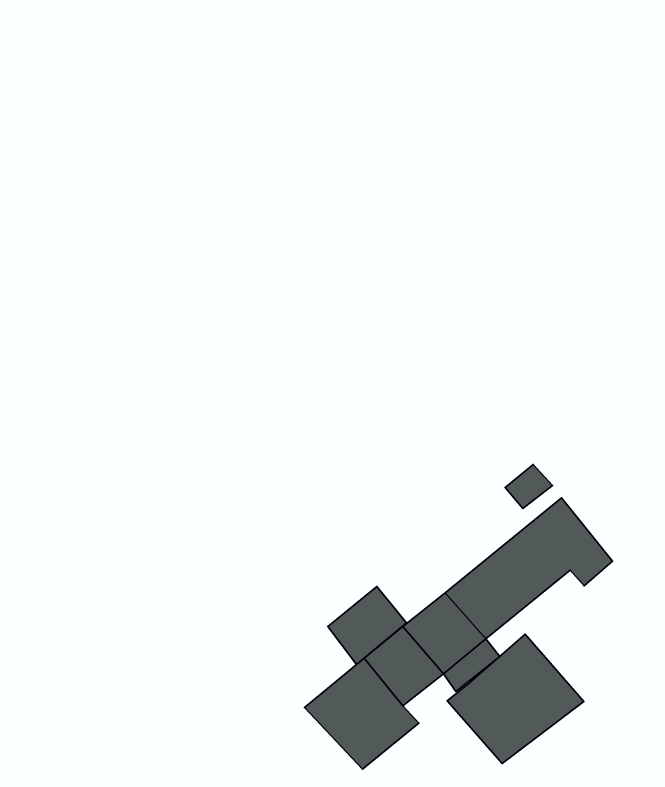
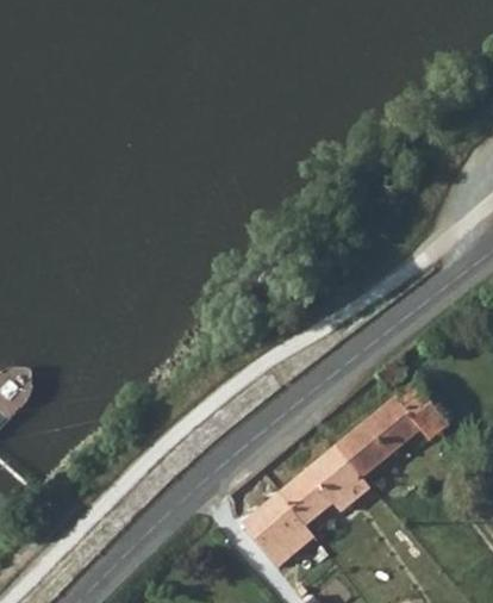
building: [328,587,407,665] -> none
building: [447,634,584,764] -> none

